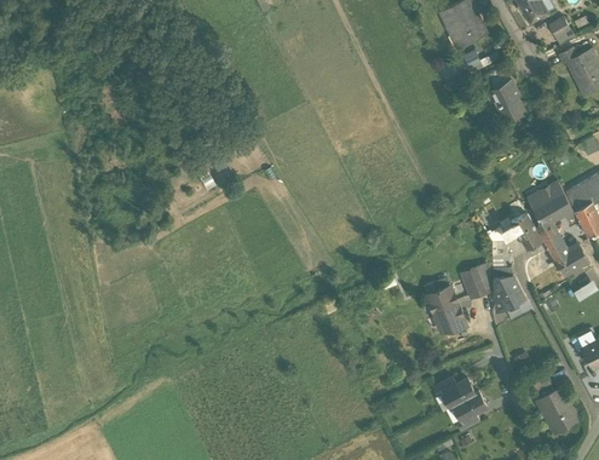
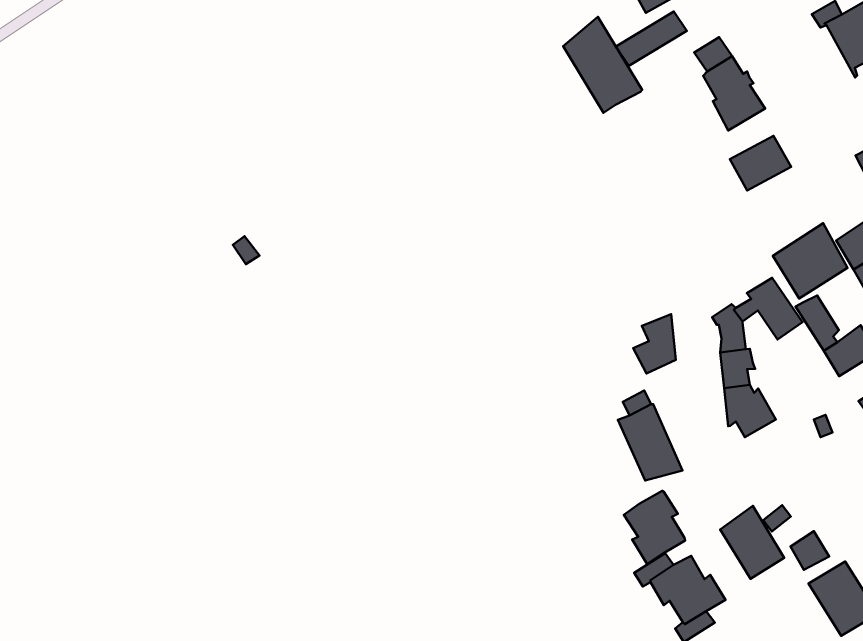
building: none -> [563,17,642,113]
building: none -> [730,136,791,190]
building: [463,264,489,299] -> [633,314,676,373]
building: none -> [624,491,685,564]
building: none -> [720,506,784,579]

